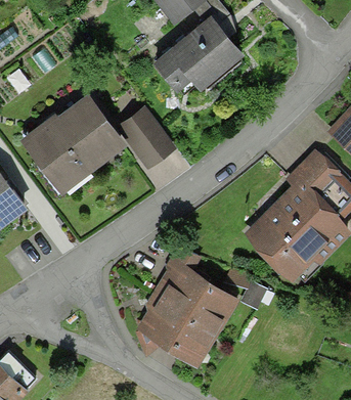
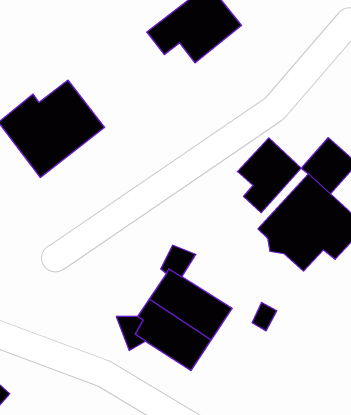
building: [121,110,171,163] -> none
building: none -> [237,138,301,213]

